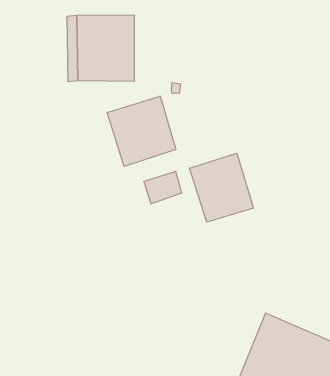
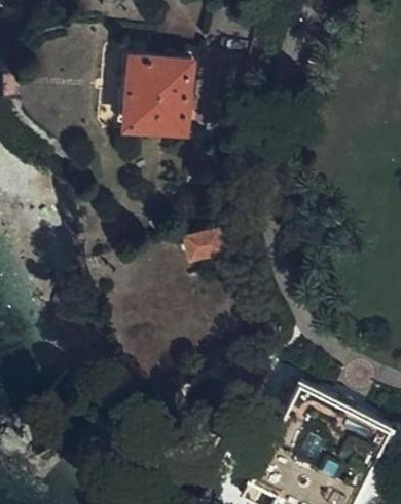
building: [107,96,176,166] -> none
building: [189,153,254,222] -> none

